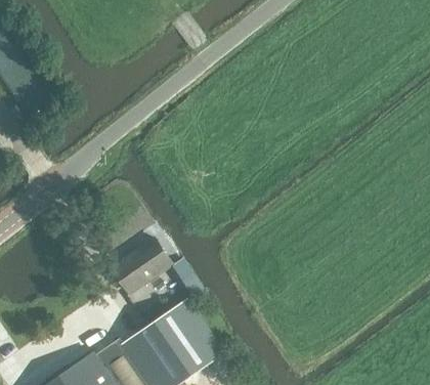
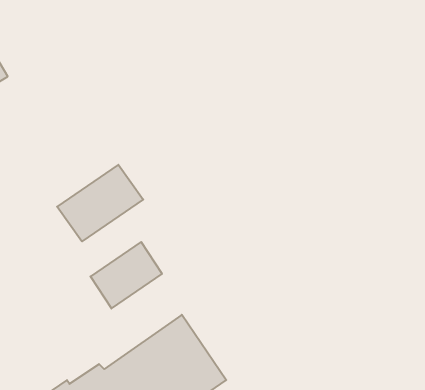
building: none -> [57,165,143,241]

